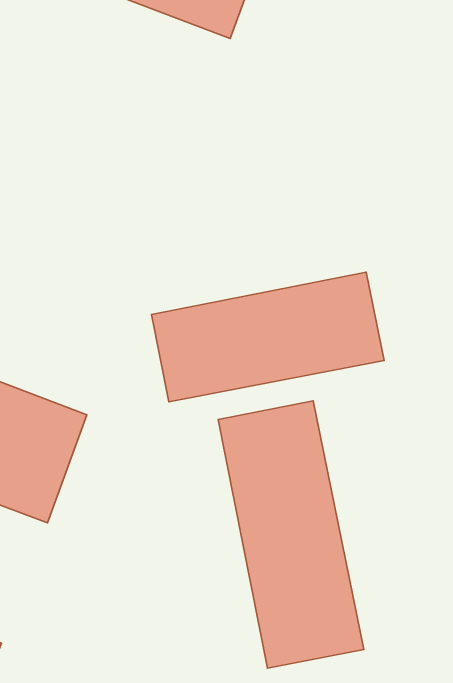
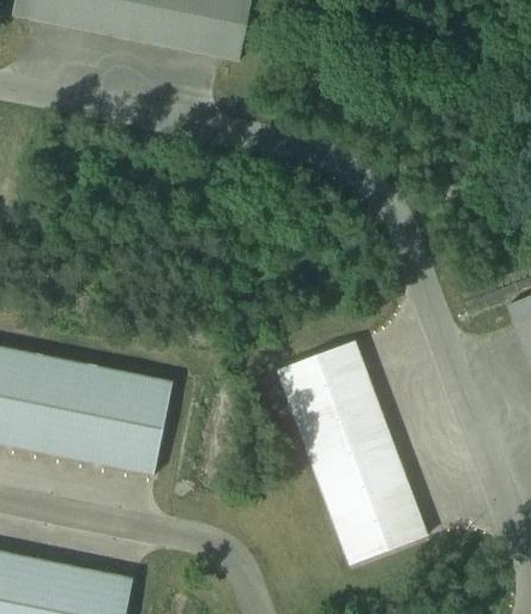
building: [152,272,384,402] -> none

